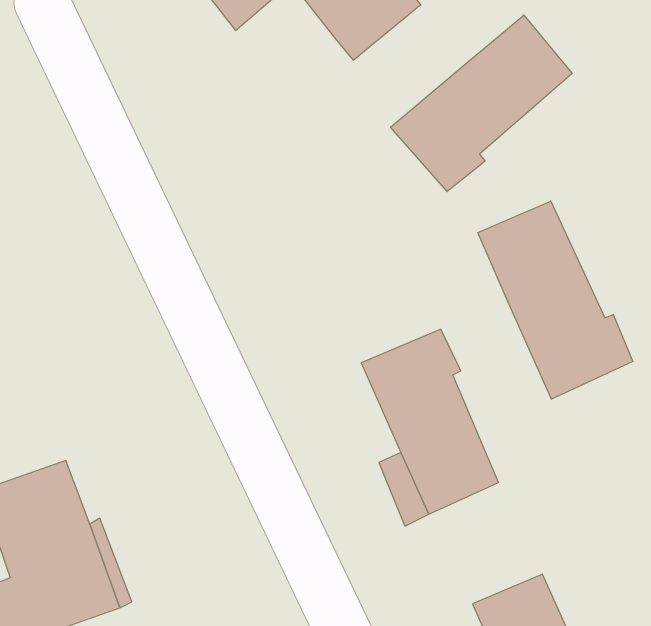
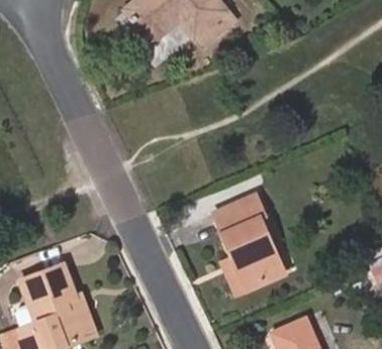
building: [391,15,572,192] -> none
building: [478,201,633,399] -> none

